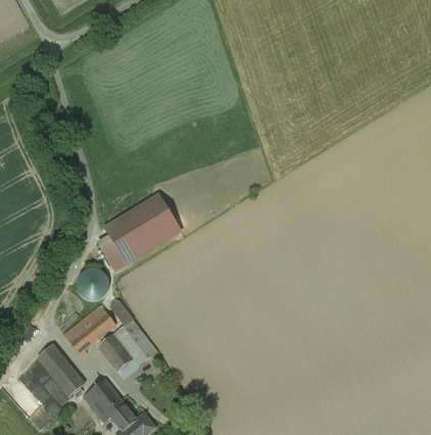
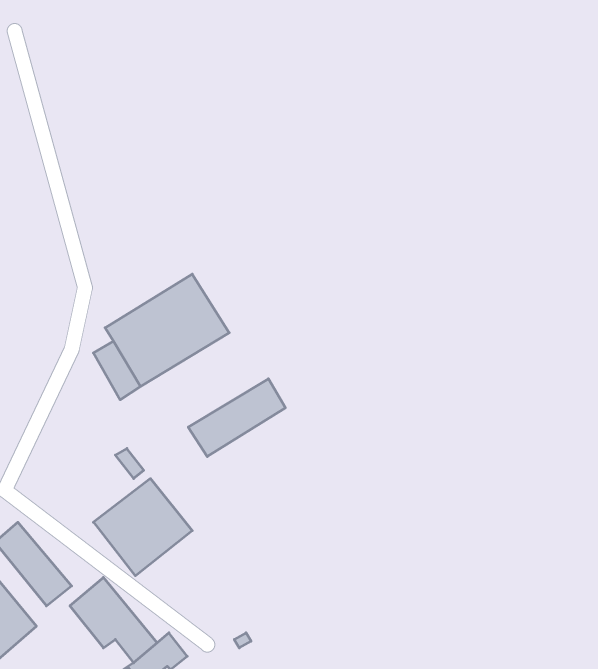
building: none -> [188,379,285,457]
building: [77,268,109,300] -> none
building: [64,304,115,352] -> none

